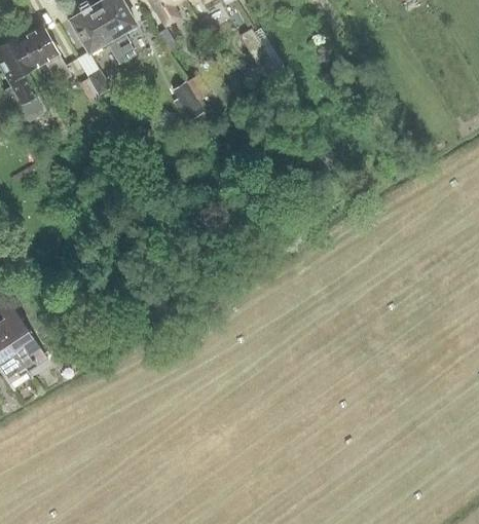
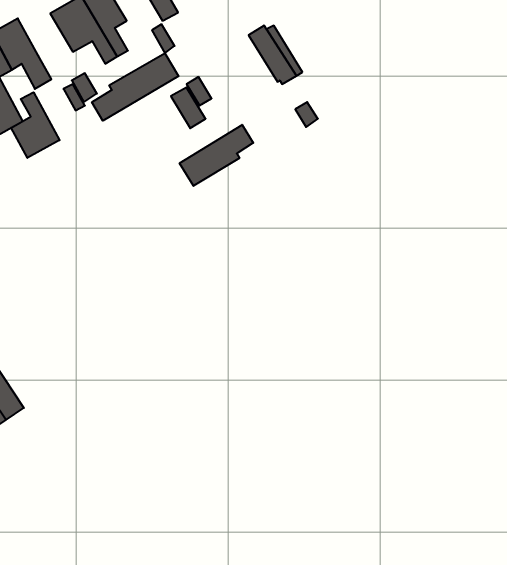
building: none -> [92,53,179,121]
building: none -> [11,92,60,158]
building: none -> [180,125,253,186]

